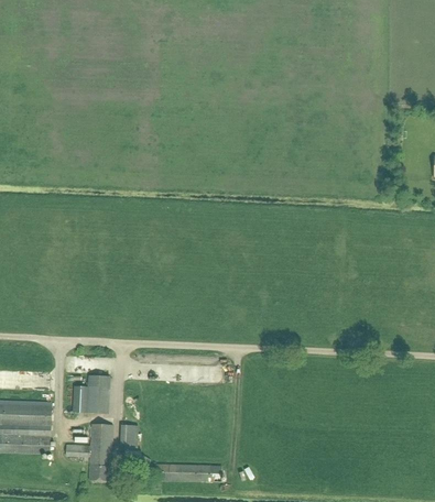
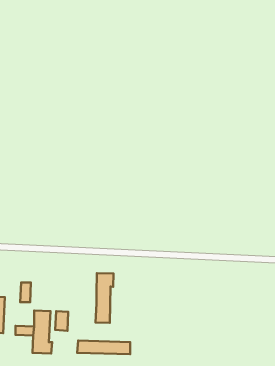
building: none -> [95,273,113,323]
building: [87,373,110,412] -> none

